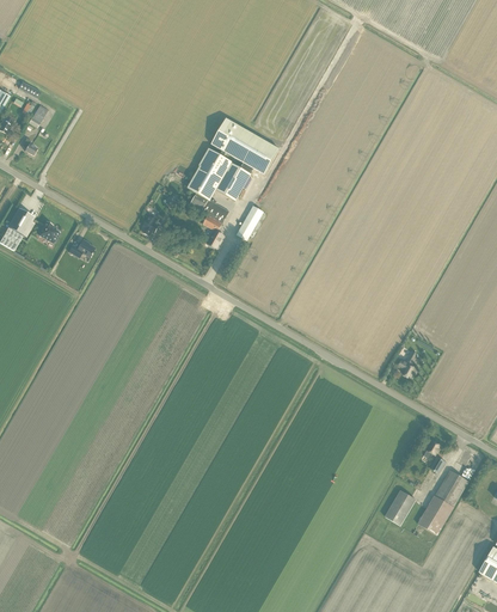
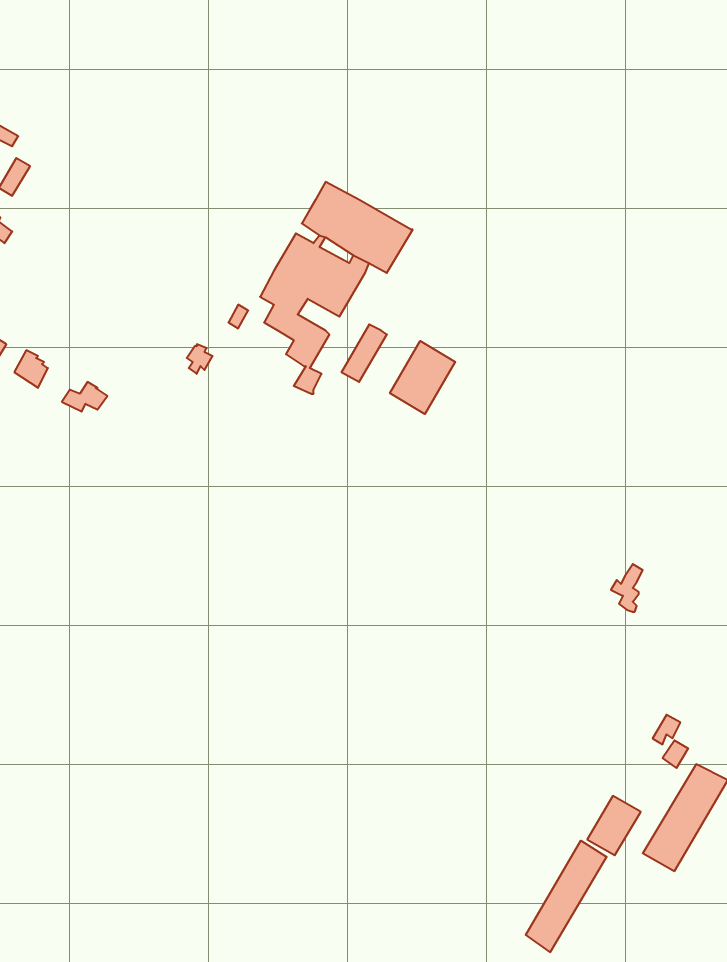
building: none -> [390,341,455,414]
building: none -> [526,841,607,952]

